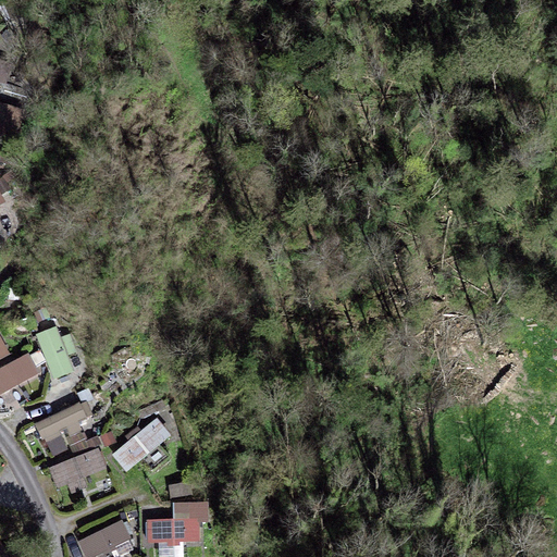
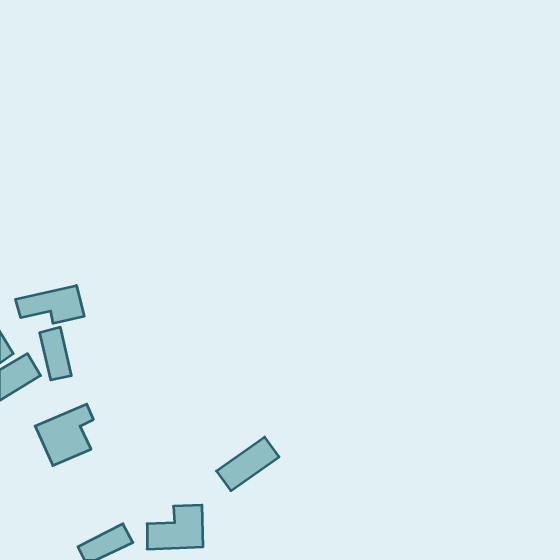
building: none -> [16,285,84,323]
building: [111,417,173,470] -> [216,437,279,491]
building: [49,448,109,490] -> none

